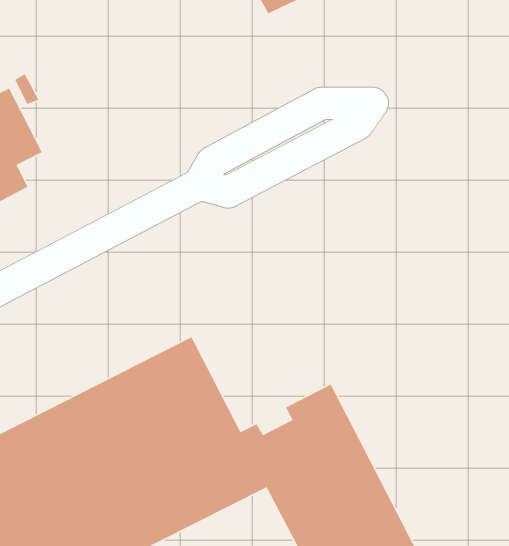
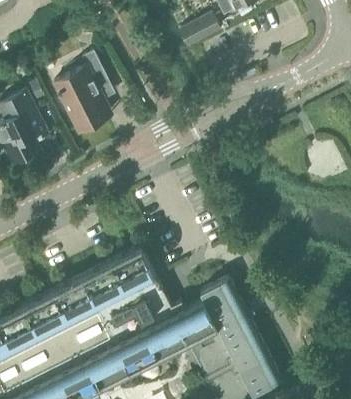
building: none -> [53,51,112,131]

